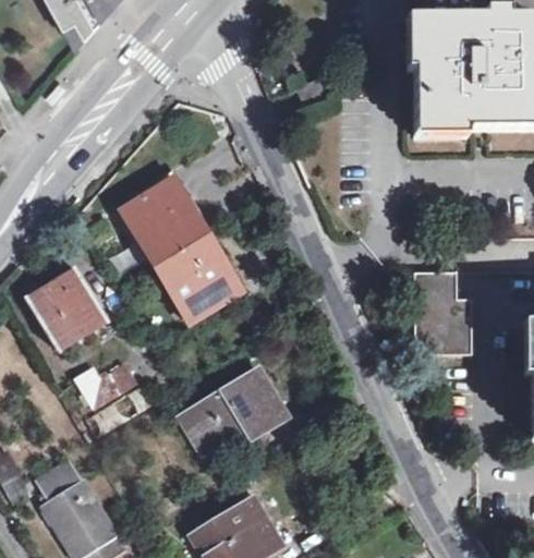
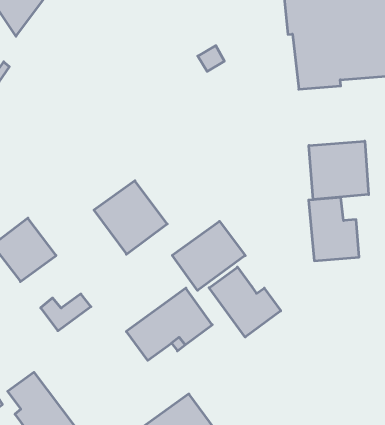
building: [120,174,207,264] -> none
building: none -> [309,141,369,200]
building: none -> [172,221,245,290]
building: none -> [209,267,281,337]

